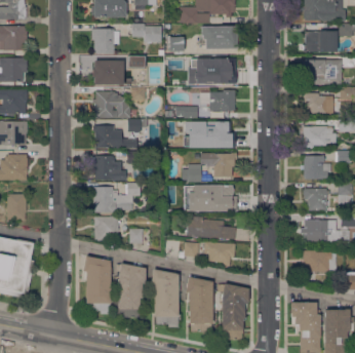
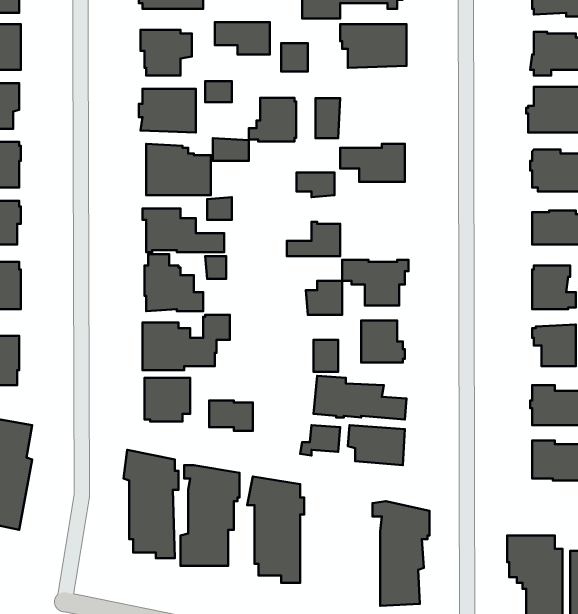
building: [209,58,235,82] -> [249,98,296,142]
building: [210,122,236,145] -> none
building: [185,277,214,334] -> none

